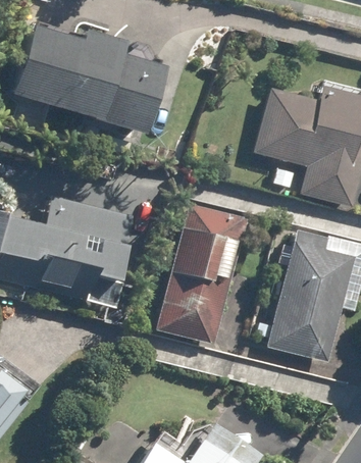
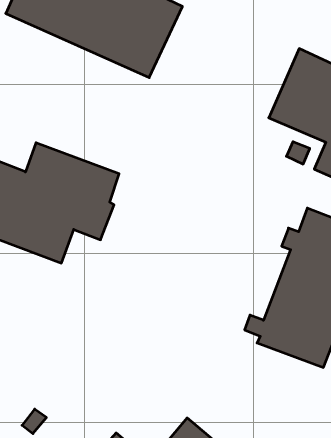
building: [160,204,247,343] -> none

